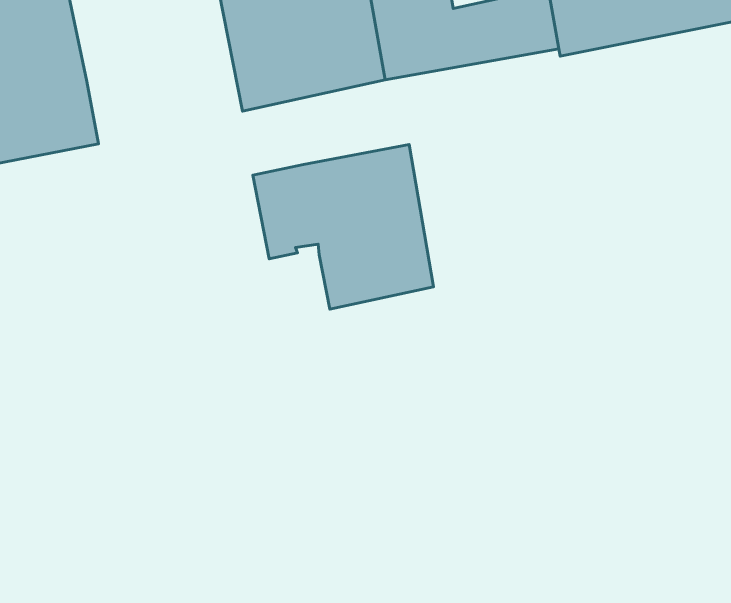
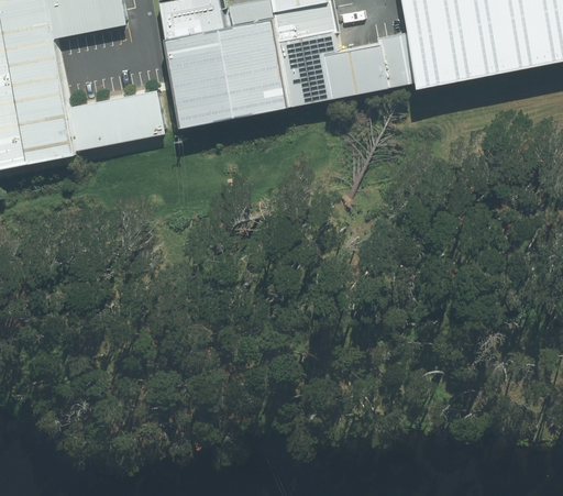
building: none -> [67,89,165,153]
building: [253,145,433,309] -> none

